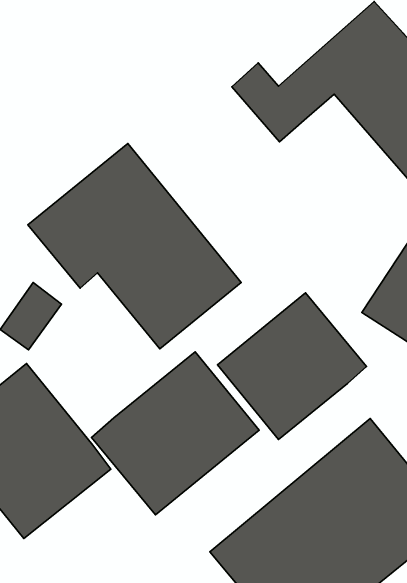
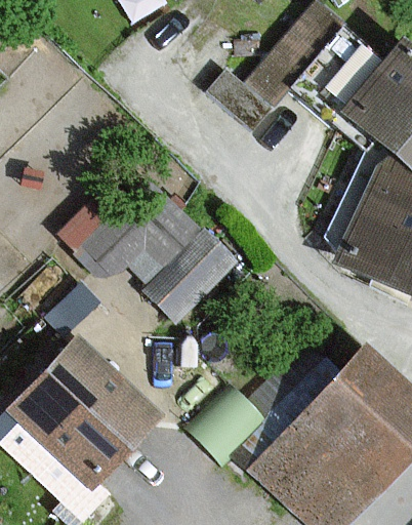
building: [218,293,367,440] -> none
building: [92,352,259,515] -> none

